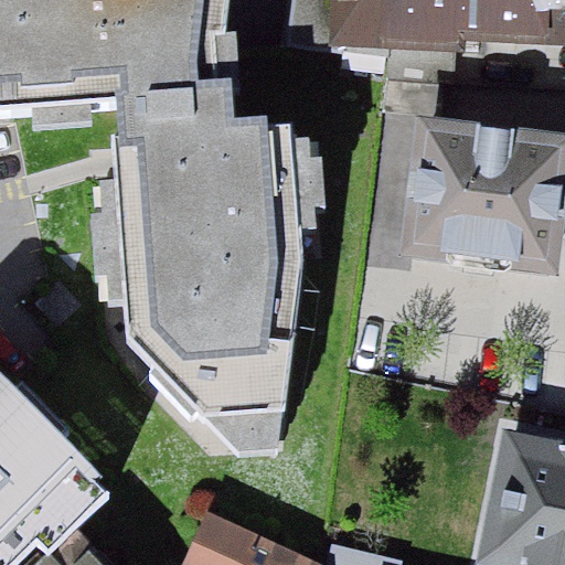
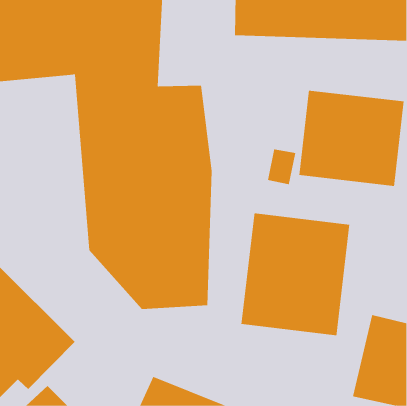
building: none -> [241,213,350,336]

